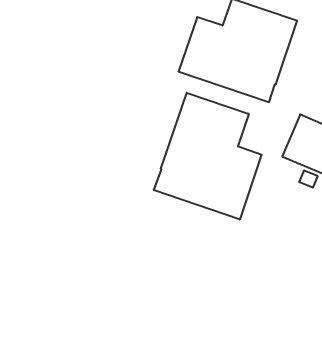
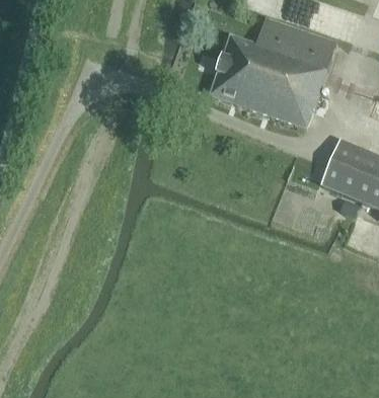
building: [154,93,262,220] -> none

